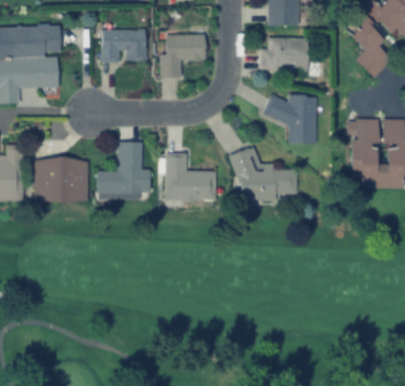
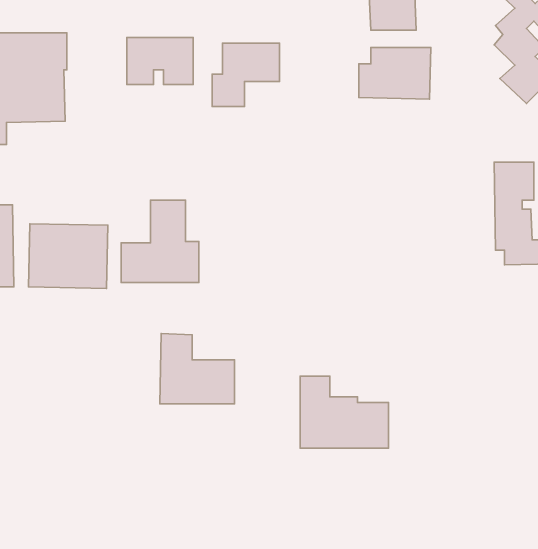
building: [266,95,316,143] -> none
building: [236,151,296,201] -> [300,376,388,448]
building: [164,153,216,202] -> [160,334,235,404]

